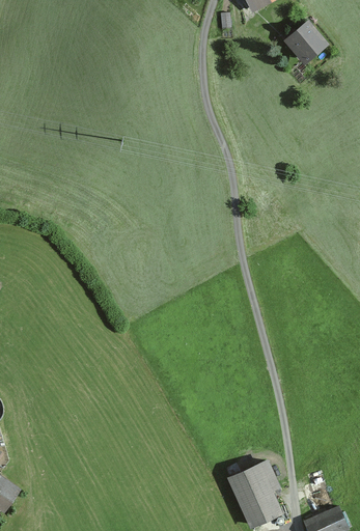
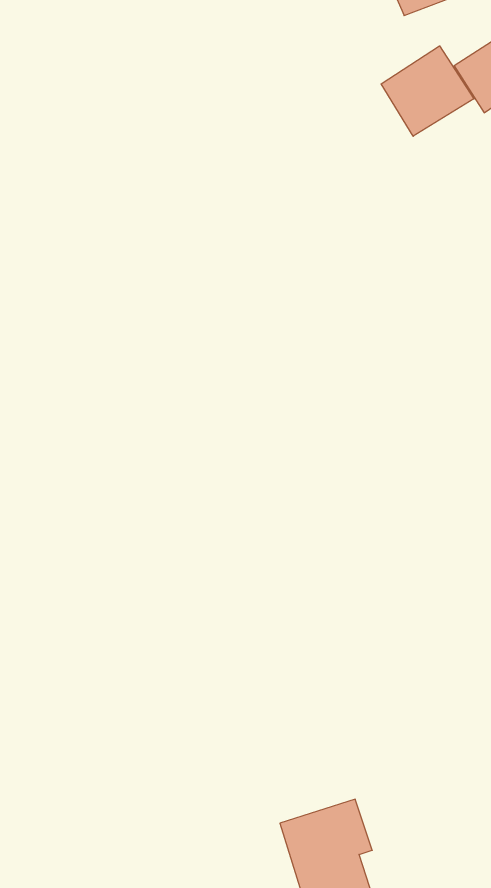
building: none -> [381,46,474,136]

